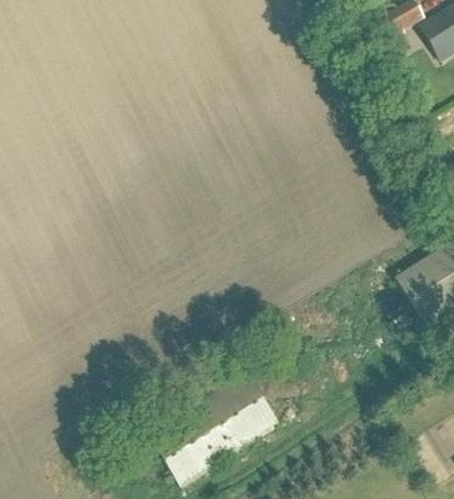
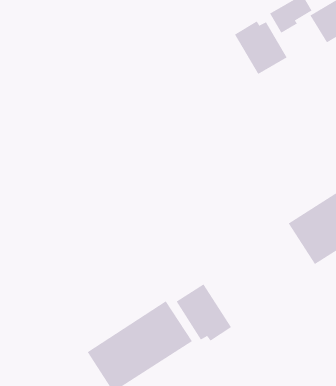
building: none -> [234,21,287,75]
building: none -> [176,283,232,341]

